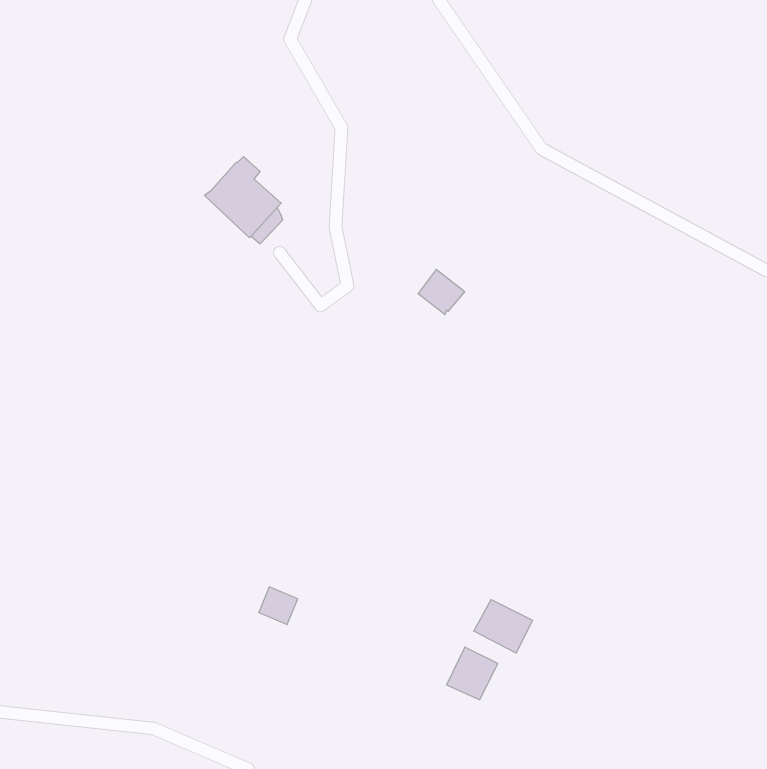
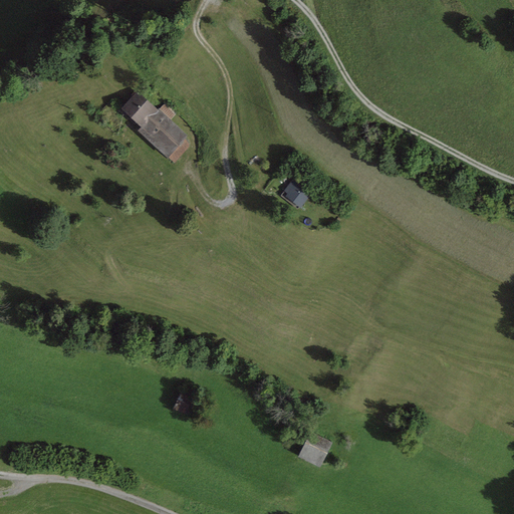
building: none -> [120,91,157,127]
building: [474,600,532,653] -> none

